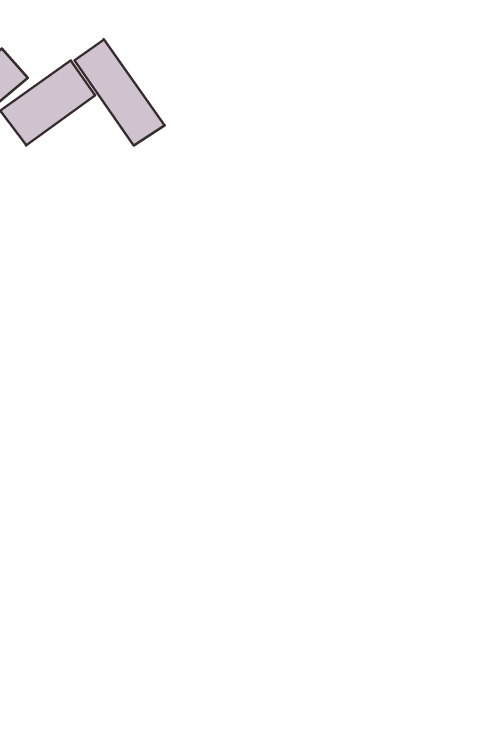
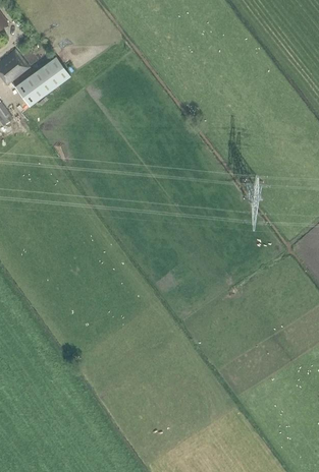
building: [75,39,165,145] -> none

